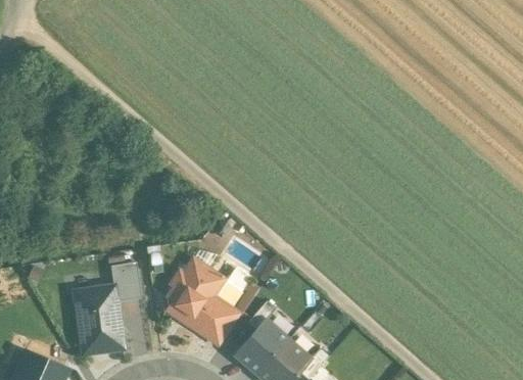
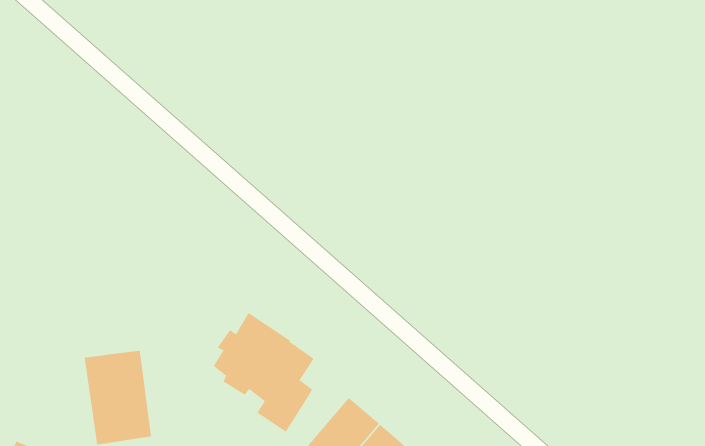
building: [109,262,141,302] -> none

